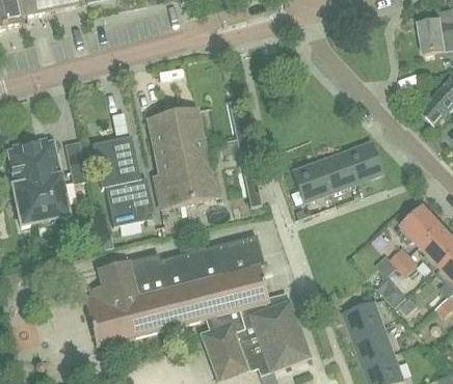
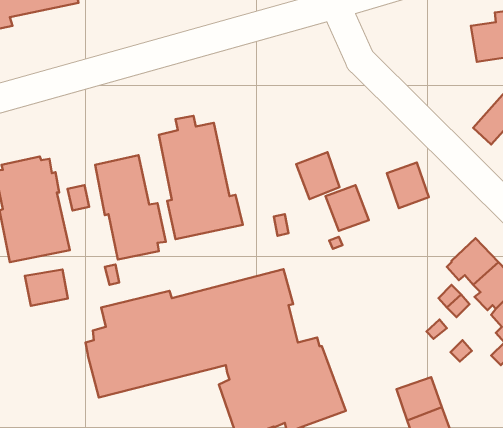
building: [319,150,356,191] -> [296,152,339,199]
building: none -> [25,269,68,306]
building: [344,301,384,337] -> none

